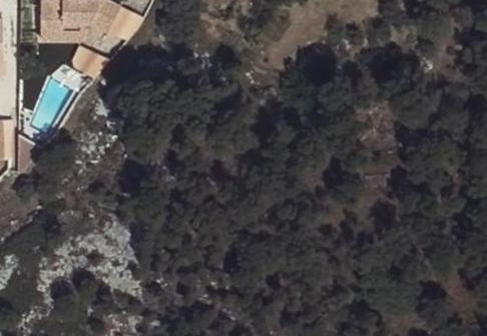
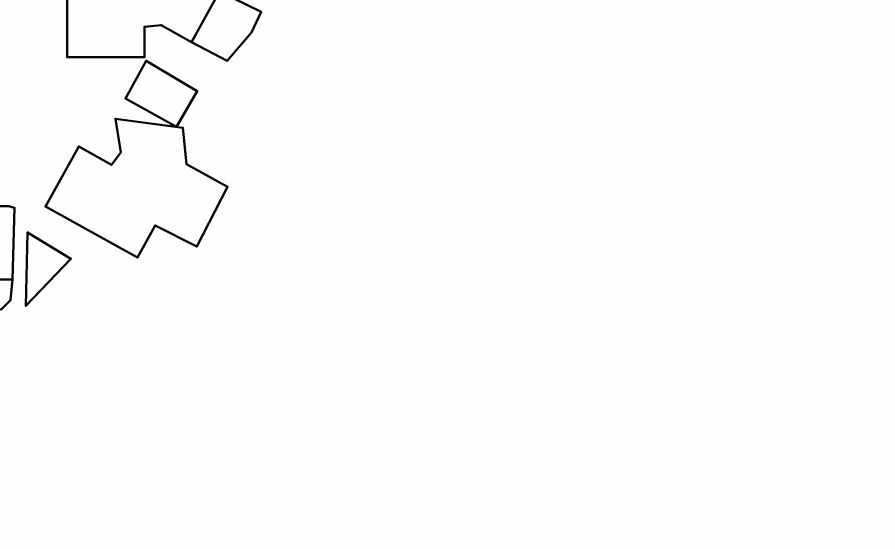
building: none -> [45,119,227,258]

